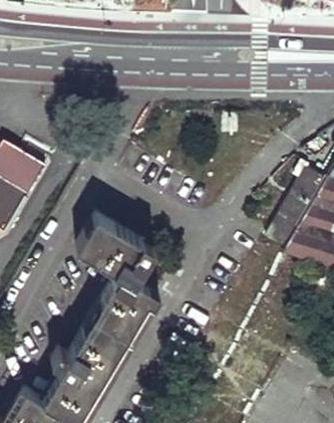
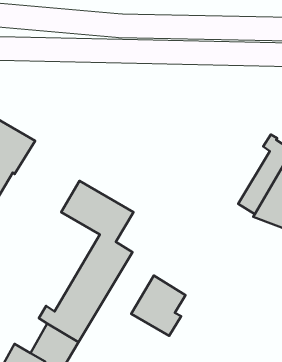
building: none -> [131,276,186,336]

